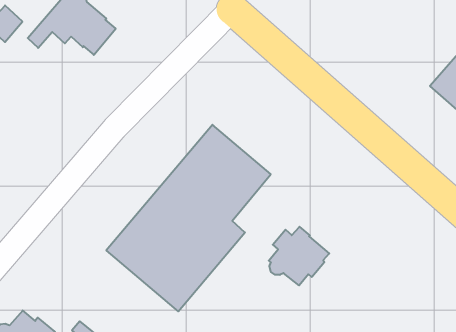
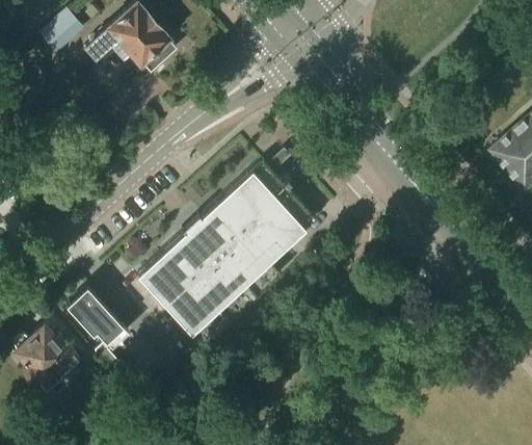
building: [269,227,329,285] -> none
building: none -> [70,289,123,344]

